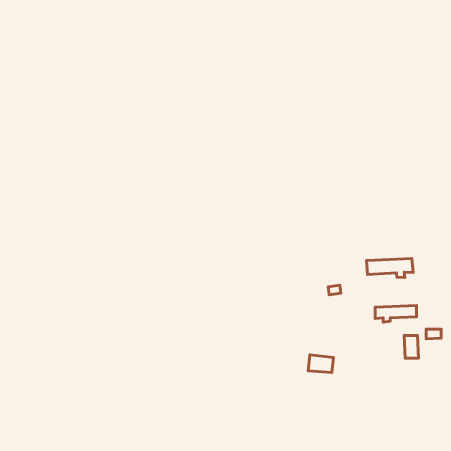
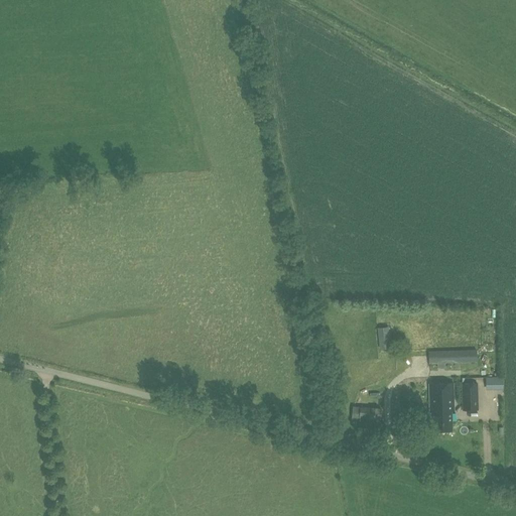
building: [367,259,413,277] -> none
building: none -> [429,382,454,429]

